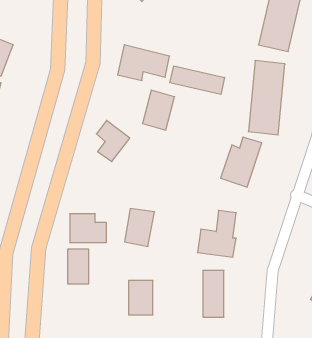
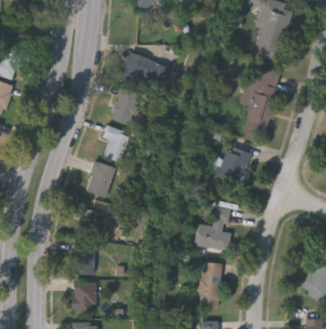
building: [170,66,225,94] -> none
building: [142,90,175,130] -> [109,87,139,124]
building: [125,209,155,246] -> [87,162,115,197]
building: [129,280,153,315] -> [72,283,95,315]

